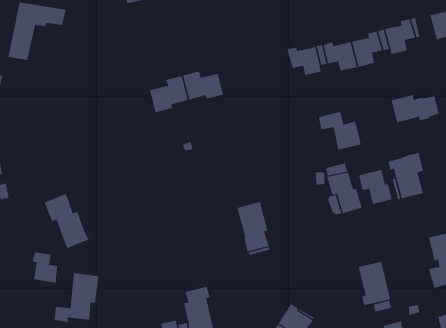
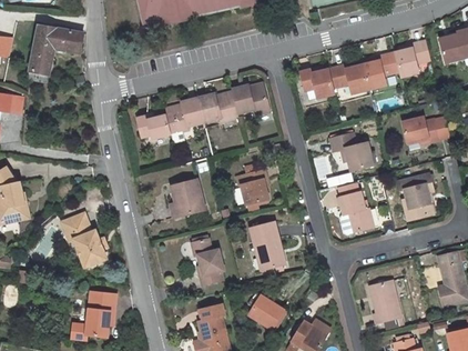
building: none -> [231,84,269,113]
building: none -> [138,114,171,138]
building: none -> [237,164,268,210]
building: none -> [171,179,205,215]
building: [359,169,393,205] -> none
building: none -> [192,237,224,284]
building: [32,252,58,283] -> none
building: none -> [248,293,284,329]

